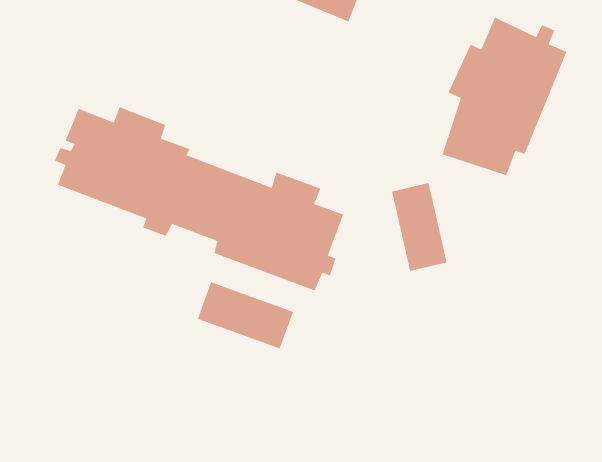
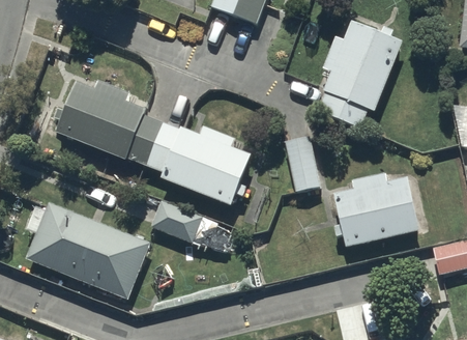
building: none -> [333,169,418,249]
building: none -> [25,201,150,299]

